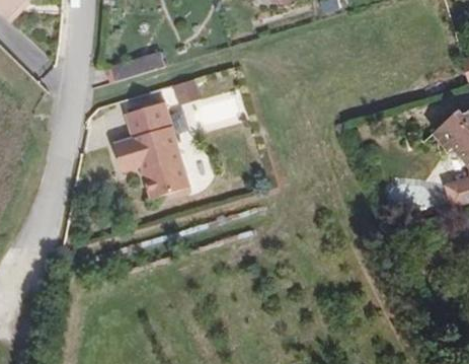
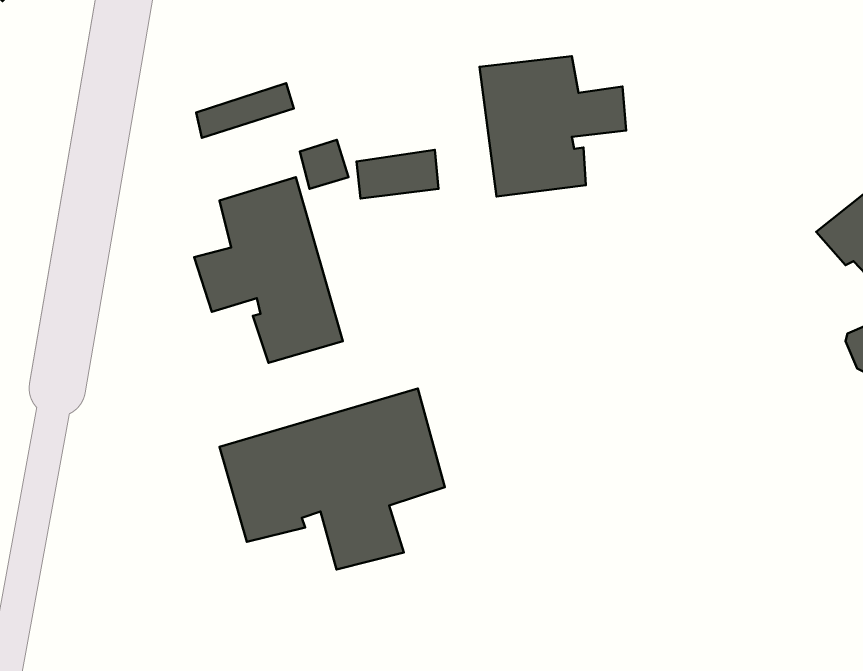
building: none -> [480,56,626,196]
building: none -> [219,388,445,570]

